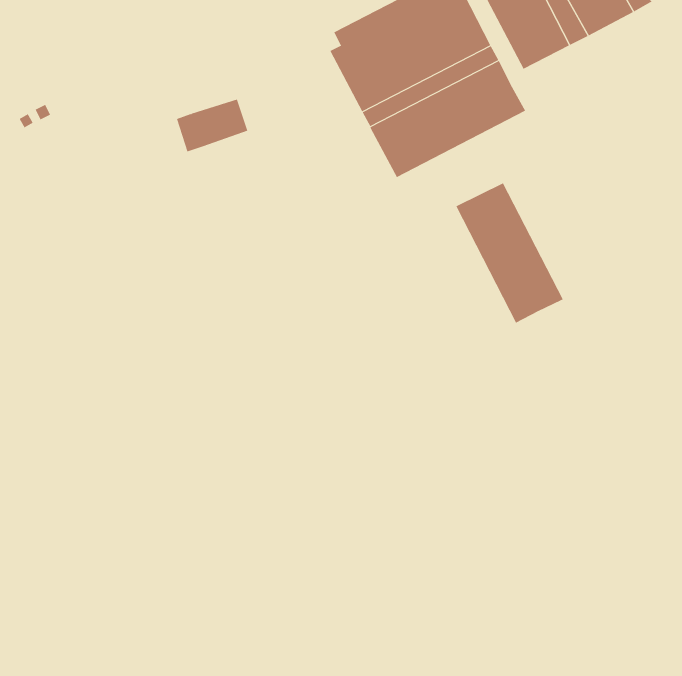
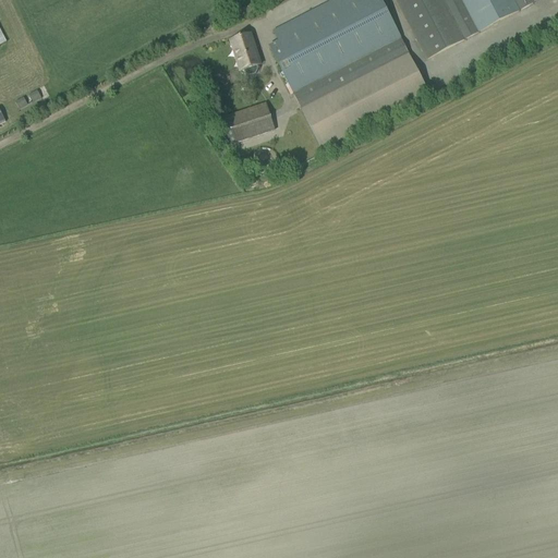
building: none -> [230,29,260,72]
building: [176,99,248,152] -> [215,99,274,143]
building: [456,182,564,324] -> none

